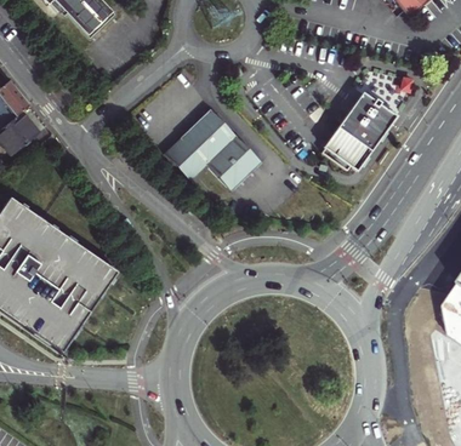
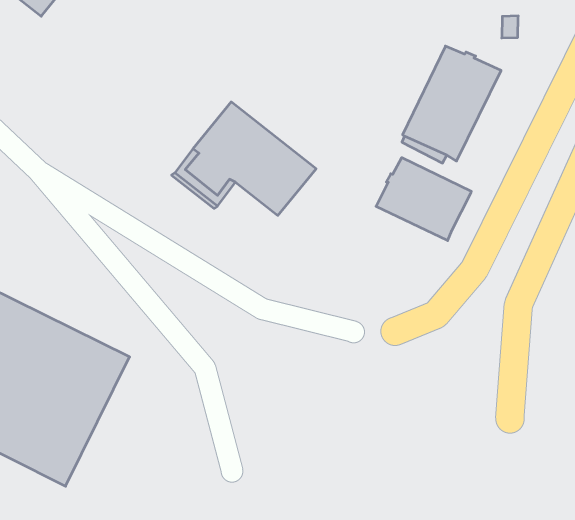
building: none -> [376,158,471,241]

